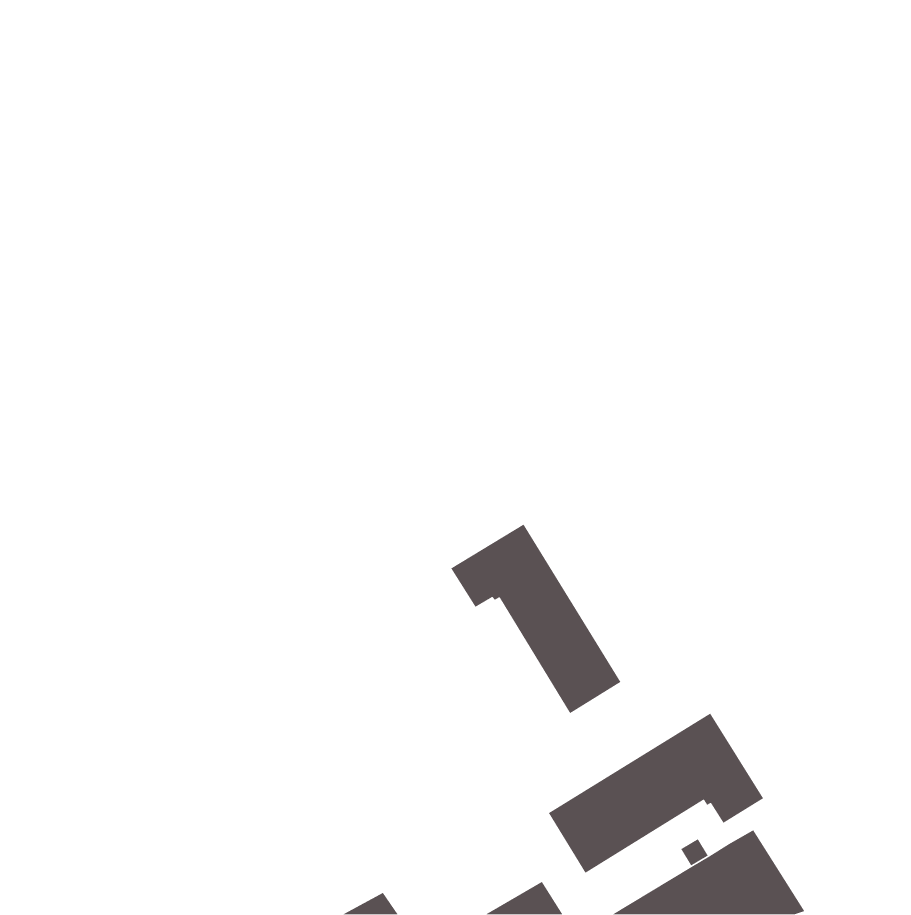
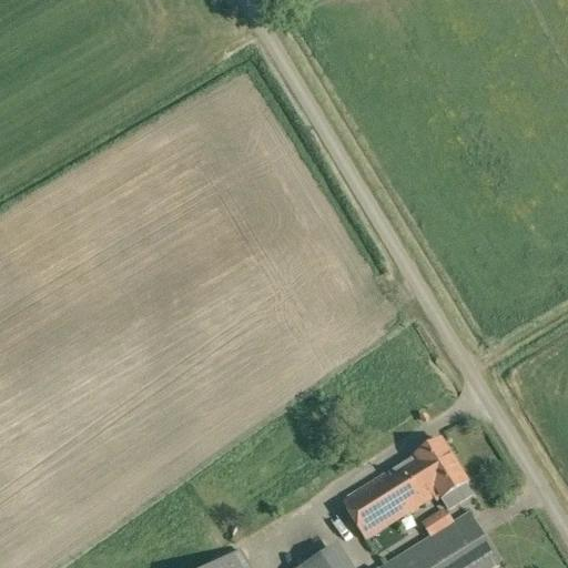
building: [450,524,622,714] -> none

